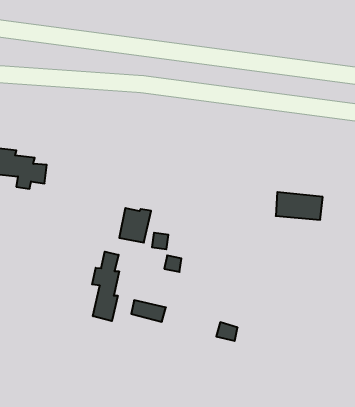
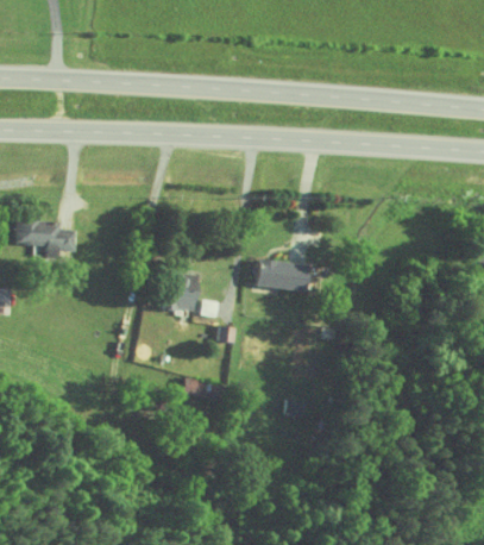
building: [276,192,323,220] -> [253,259,306,288]
building: [92,252,119,321] -> none

